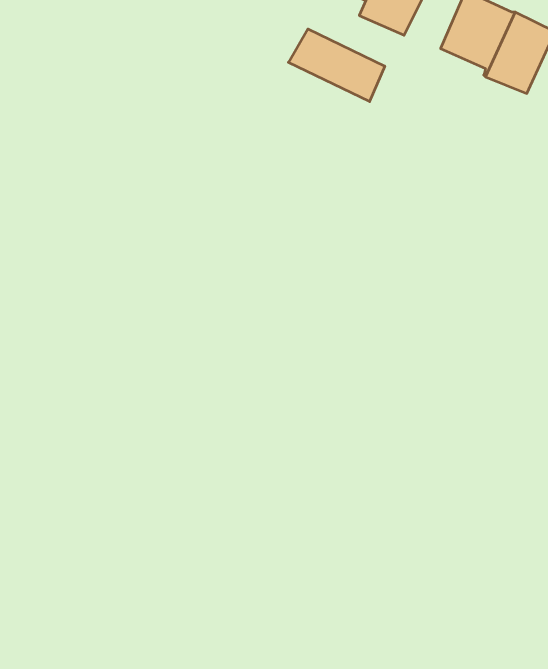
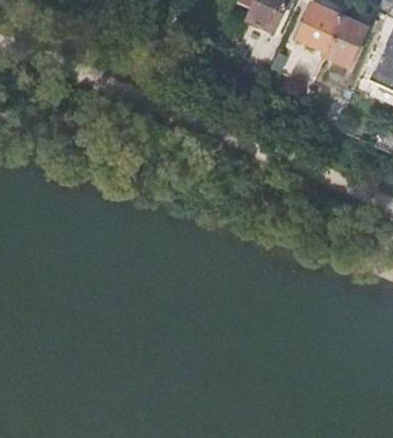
building: [288,29,385,102] -> none

